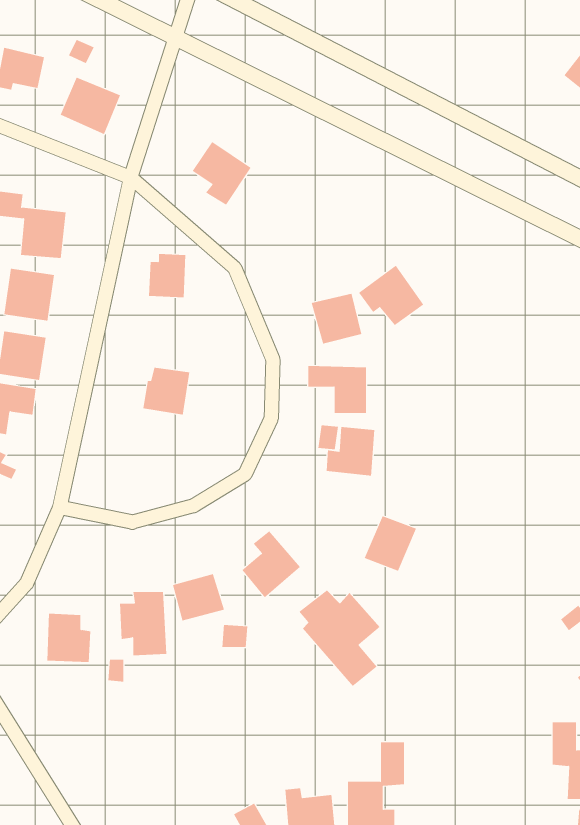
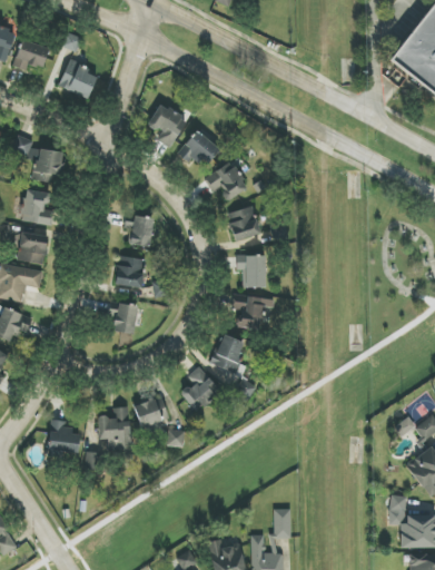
building: none -> [178,130,219,166]
building: [148,253,186,298] -> [127,216,152,246]
building: [358,265,424,326] -> [204,160,248,202]
building: none -> [115,303,137,334]
building: [364,515,417,571] -> [210,334,246,372]
building: [299,590,381,687] -> none

